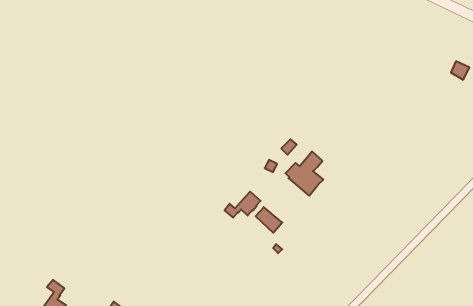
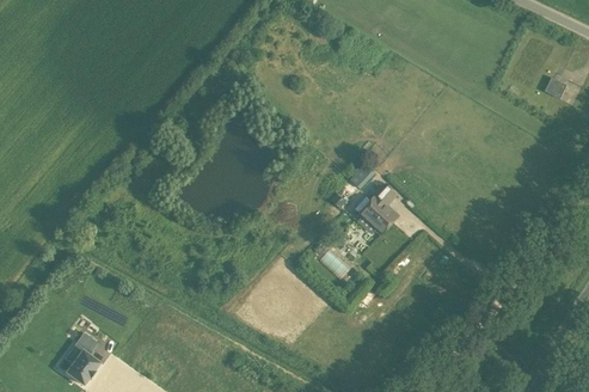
building: [225,192,261,218] -> none

